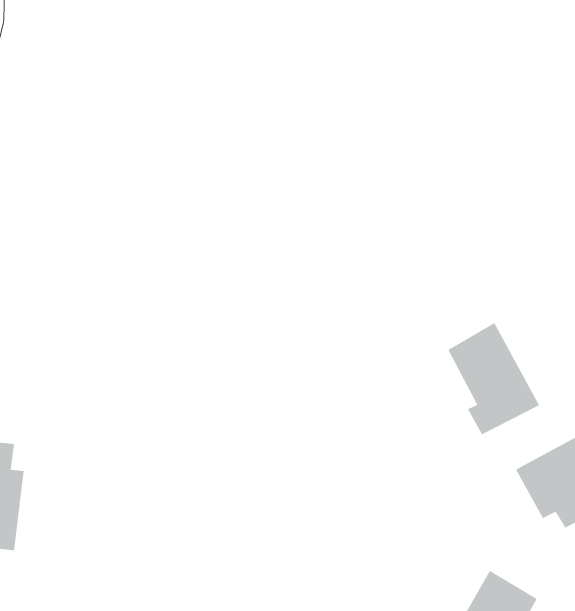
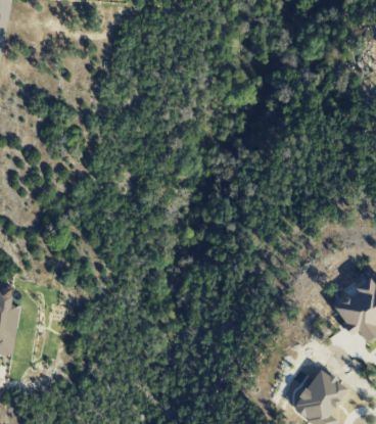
building: [447,322,540,435] -> none

